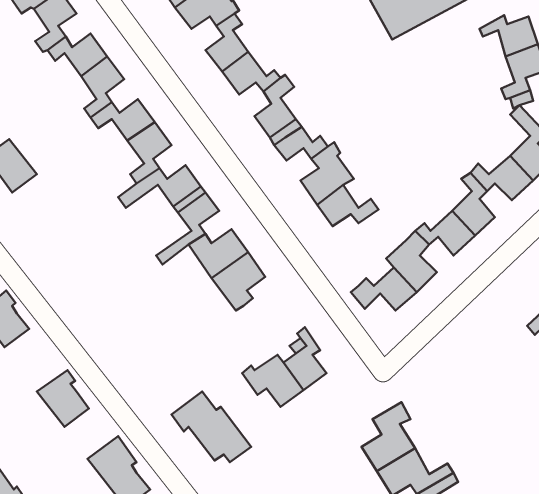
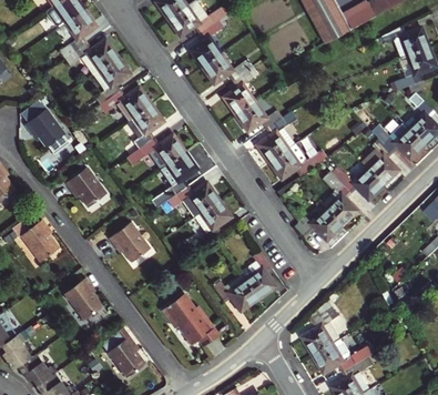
building: none -> [69,173,109,212]
building: none -> [111,227,152,266]

